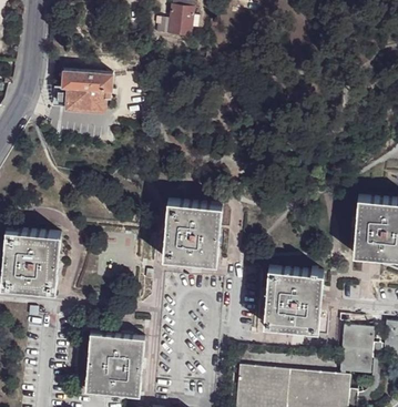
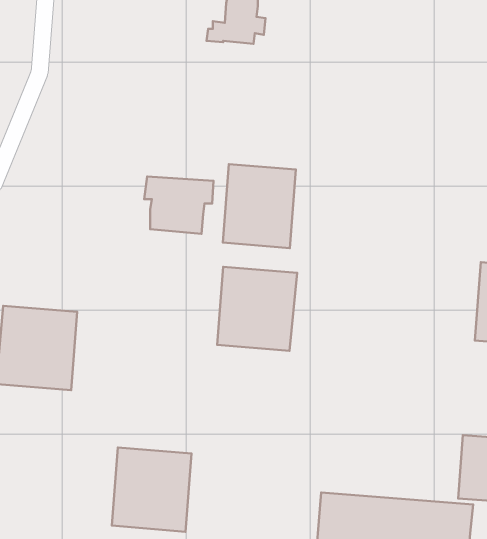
building: [61,70,112,112] -> [144,176,214,234]
building: none -> [223,164,296,248]
building: [263,267,323,329] -> none

